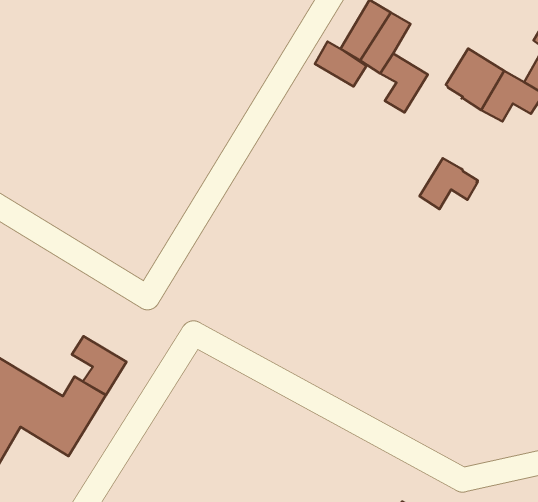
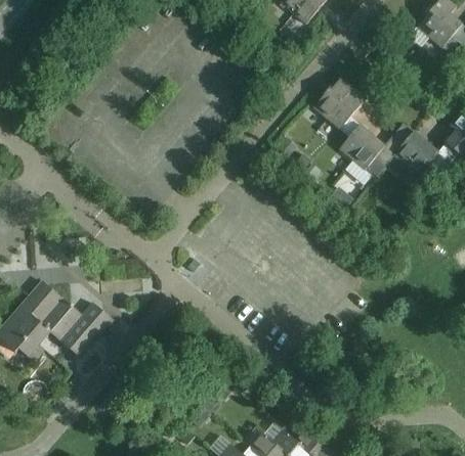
building: [315,42,367,86] -> none
building: [420,158,478,209] -> [352,134,394,169]
building: [72,336,126,395] -> none

